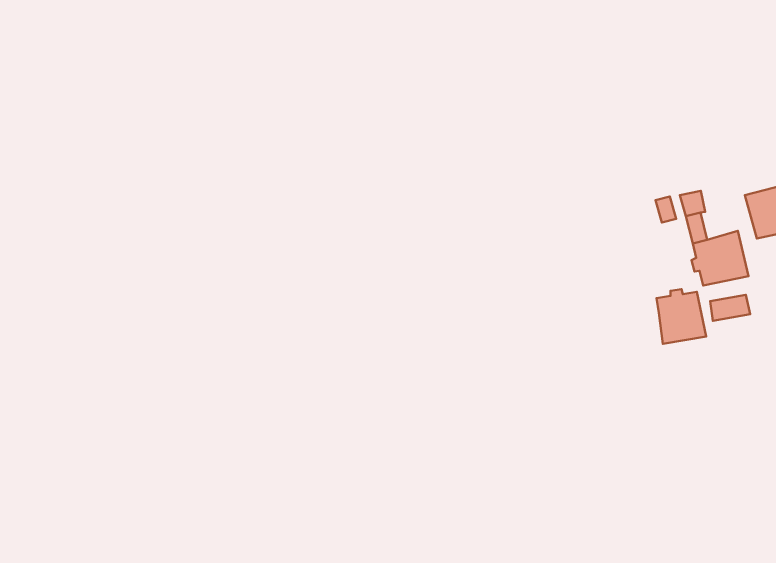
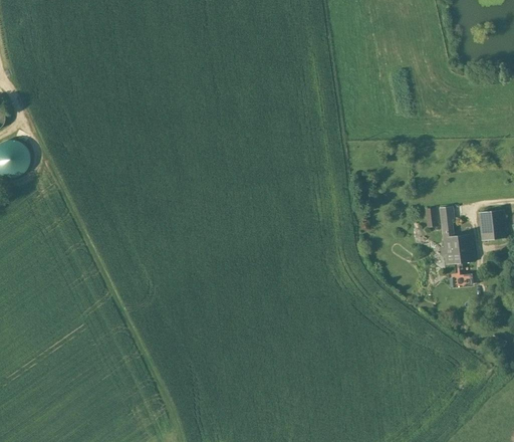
building: [657,289,706,344] -> none

